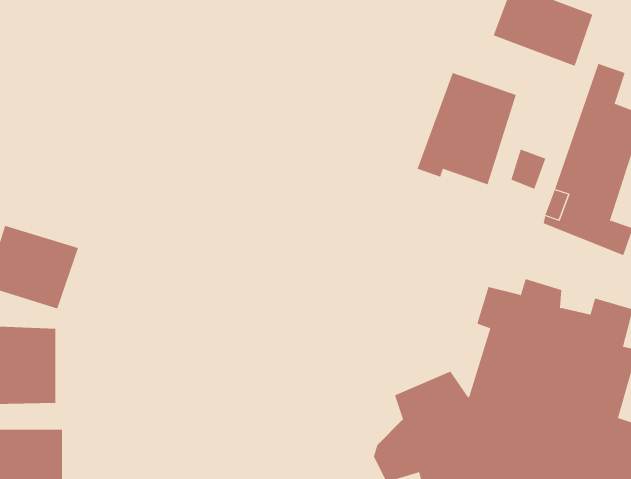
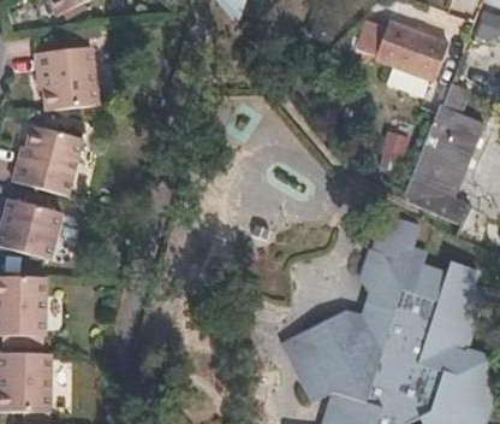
building: none -> [37,49,96,111]
building: [417,72,516,185] -> none
building: none -> [13,128,87,196]

